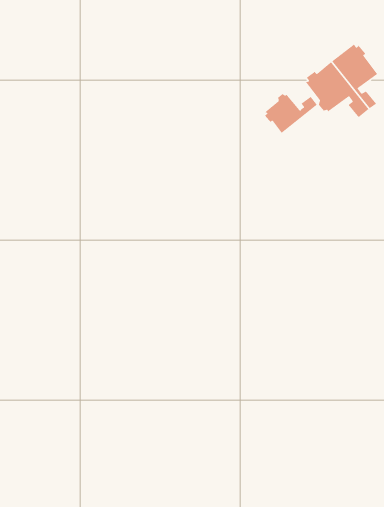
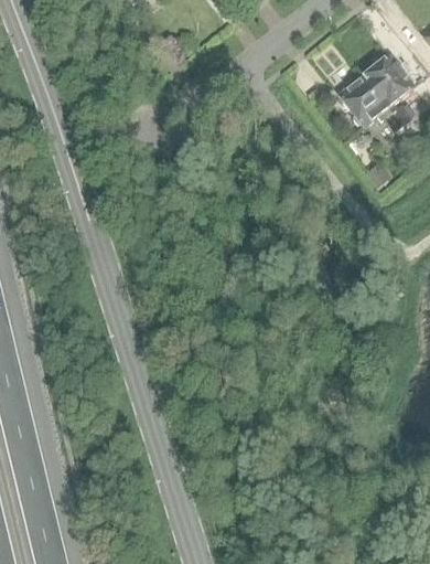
building: [264,93,318,134] -> none

